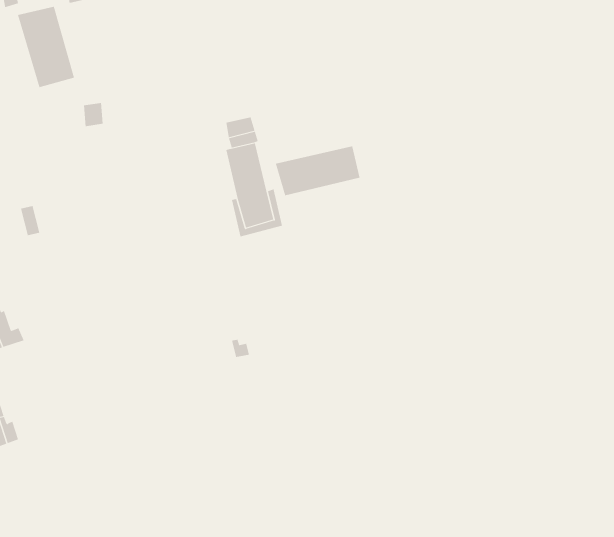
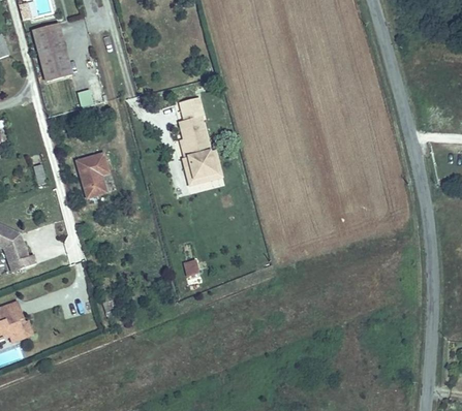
building: [275,146,360,196] -> none
building: none -> [78,153,110,197]

